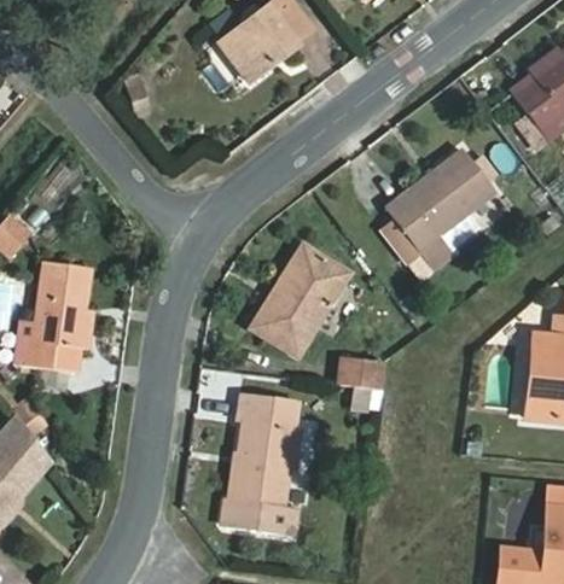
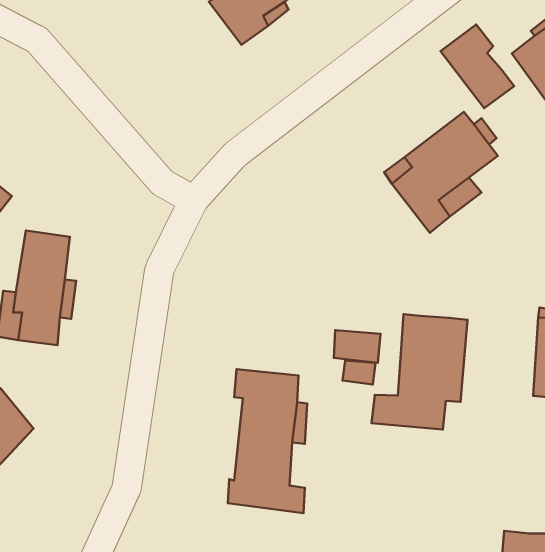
building: none -> [440,25,514,108]
building: [252,249,345,357] -> none
building: none -> [372,314,467,429]

